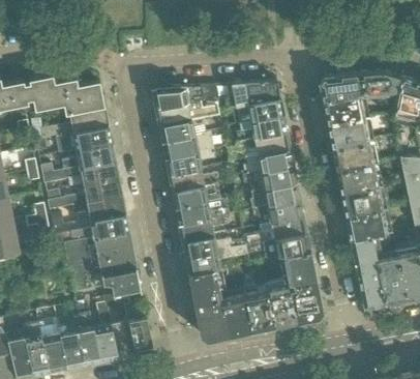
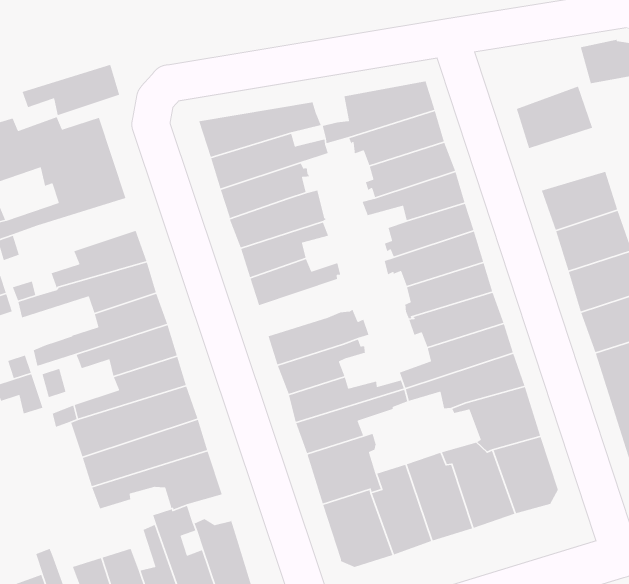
building: [320,76,365,105] -> none
building: [328,120,368,150] -> none
building: [59,128,112,153] -> [22,64,120,116]
building: [173,185,221,211] -> none

